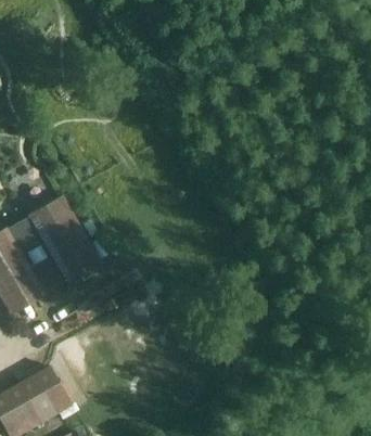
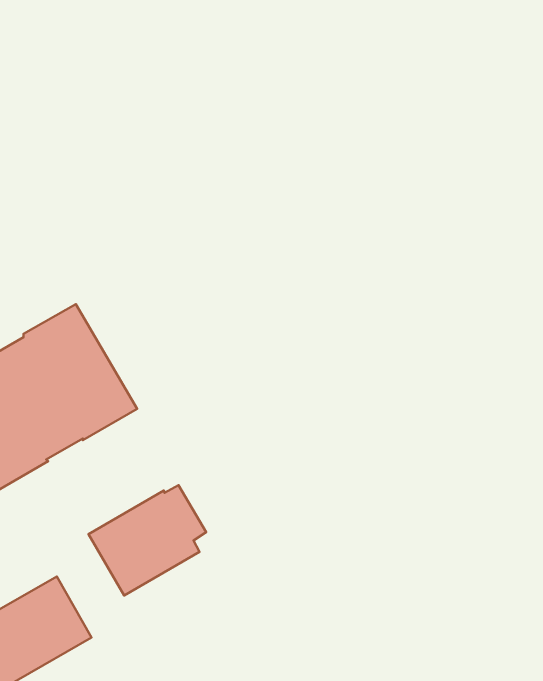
building: none -> [89,485,206,596]

